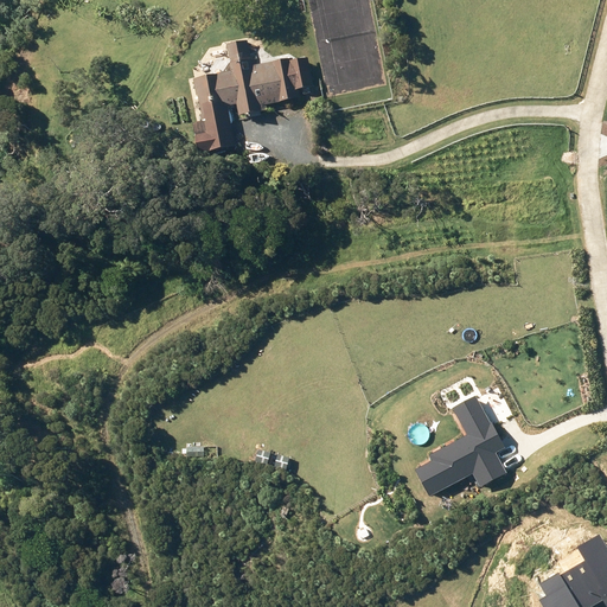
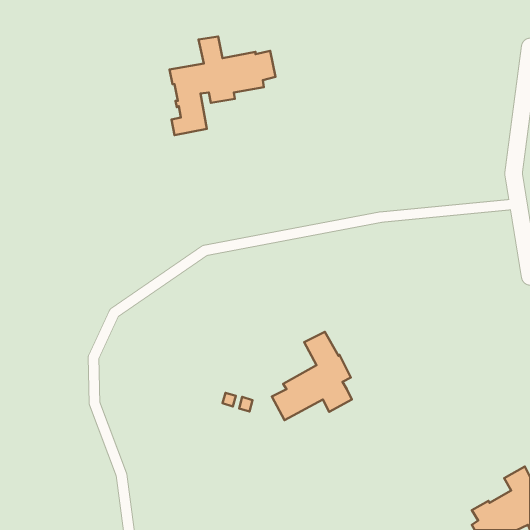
building: [414,395,505,496] -> [272,332,352,420]

